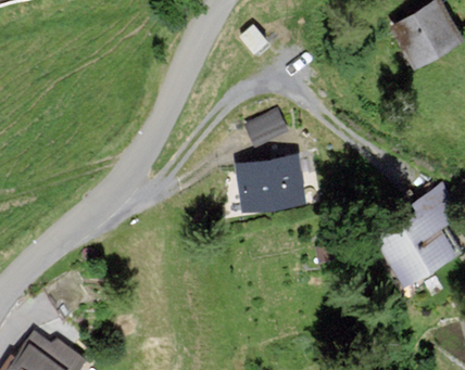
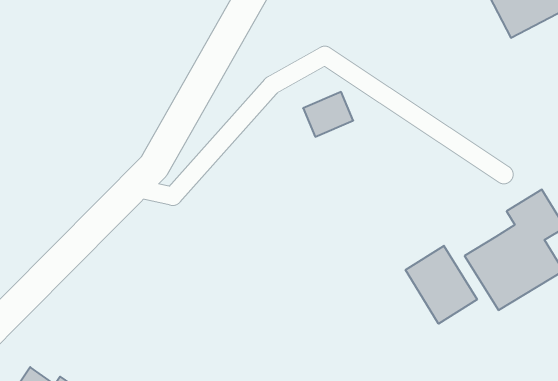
building: [239,158,298,204] -> none
building: none -> [406,246,477,324]

